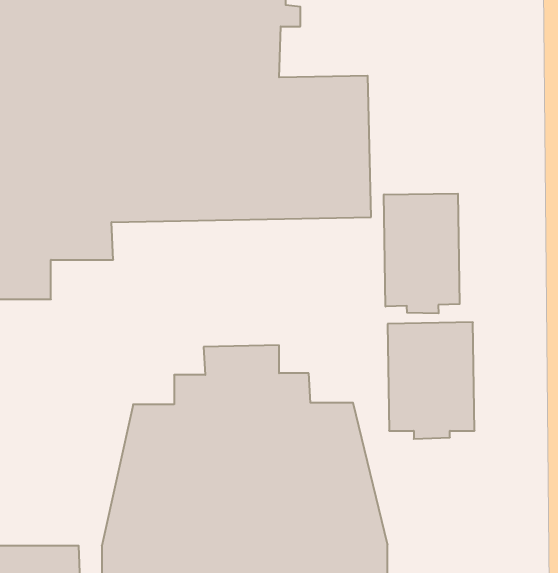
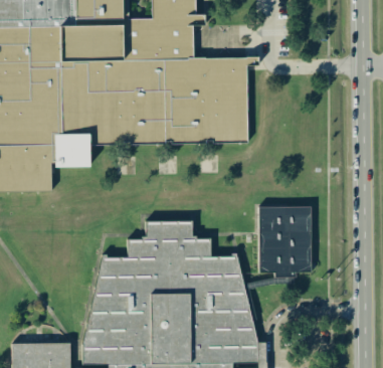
building: [384,194,460,313] -> none

